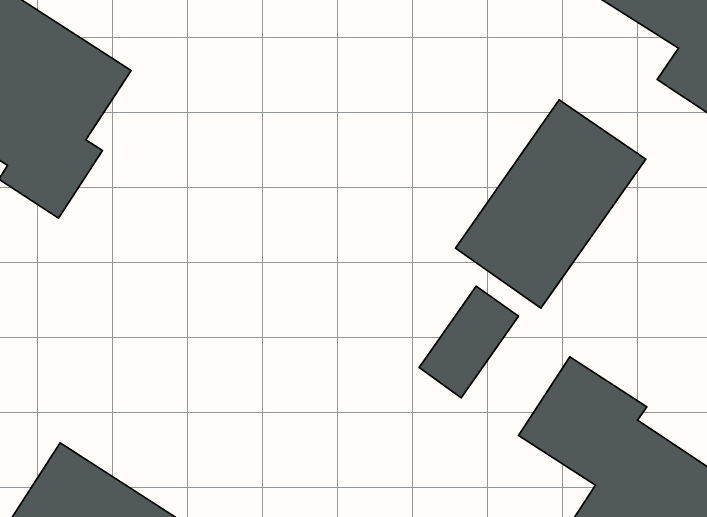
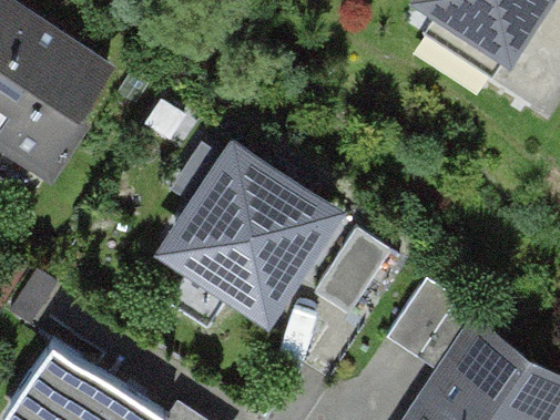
building: [456,100,646,308] -> none
building: none -> [167,153,328,326]

